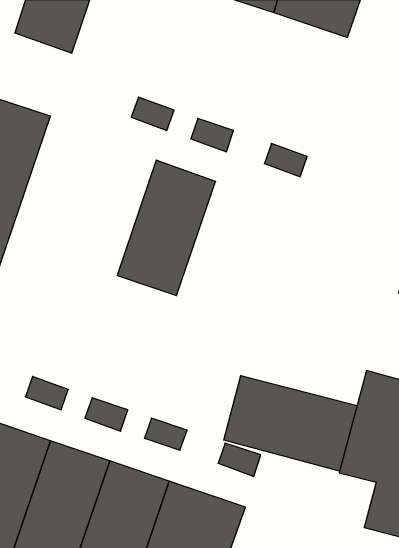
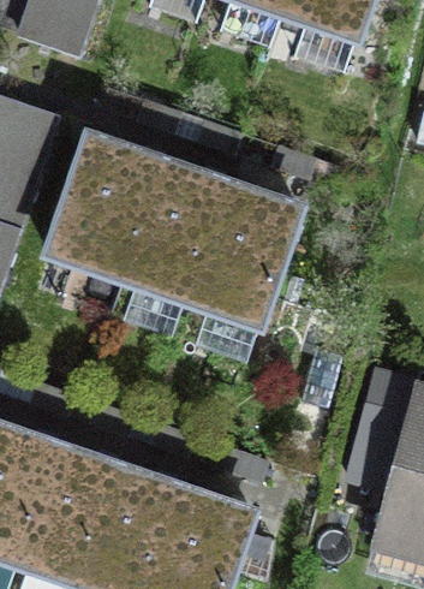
building: none -> [48,137,163,279]
building: none -> [184,184,300,326]
building: [224,375,357,471] -> none

